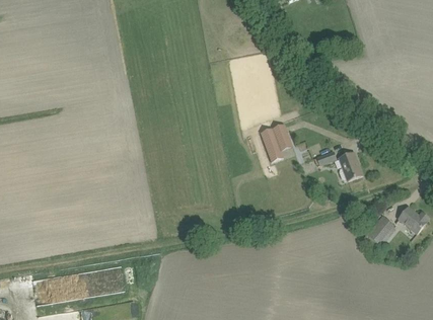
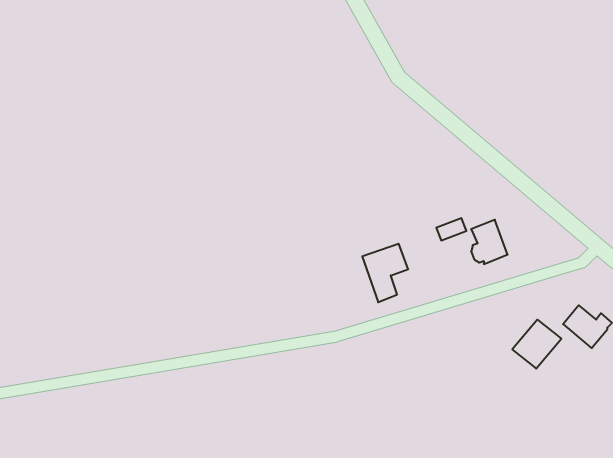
building: [261,124,290,161] -> [362,244,408,302]

